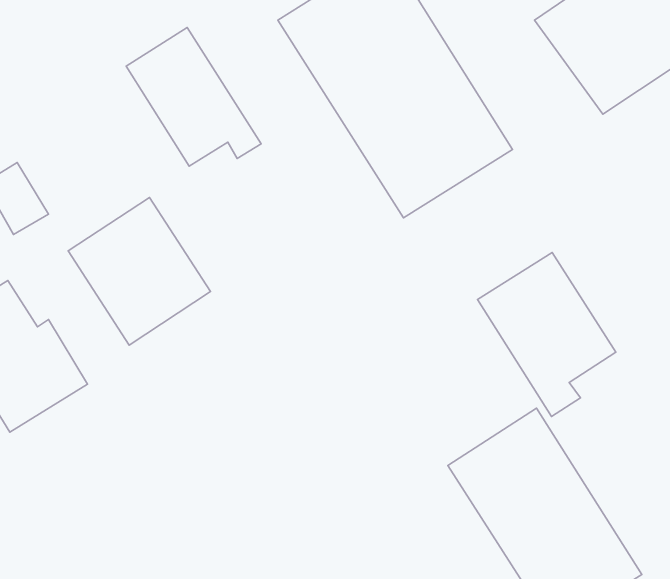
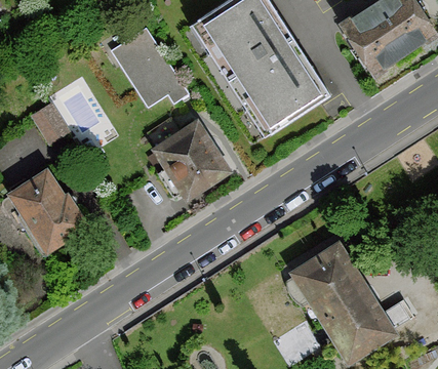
building: [68,197,211,345] -> [152,118,231,200]
building: [478,252,616,417] -> none

